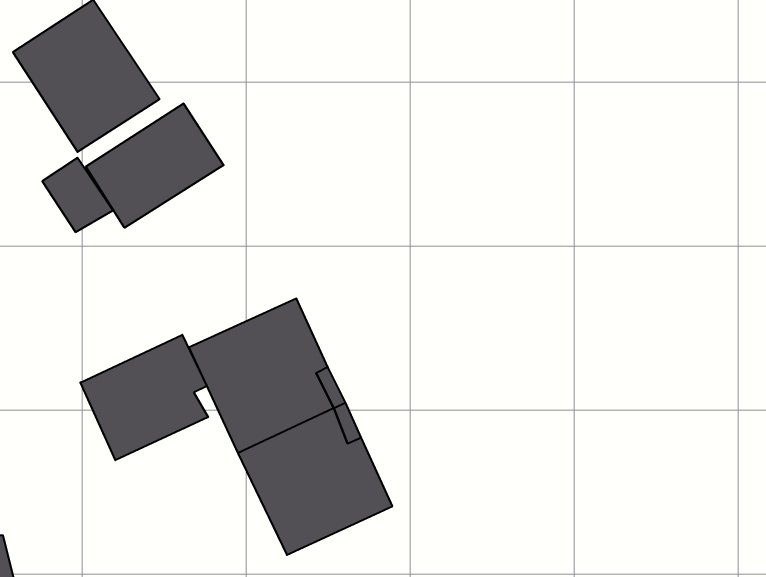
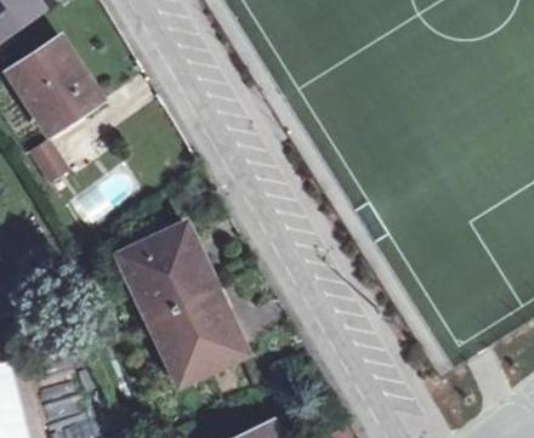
building: [86,103,224,228] -> none
building: [80,335,208,460] -> none

